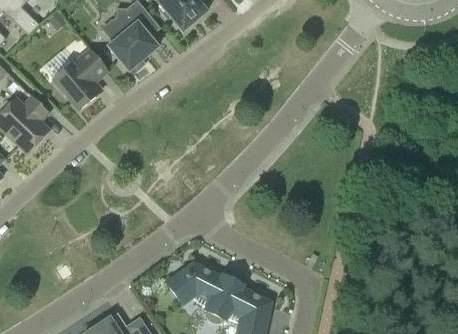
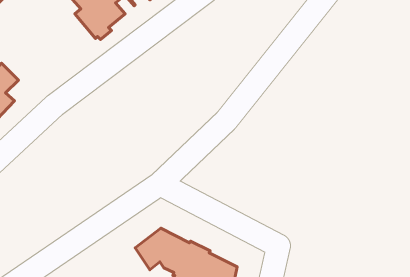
building: [52,47,108,109] -> none

